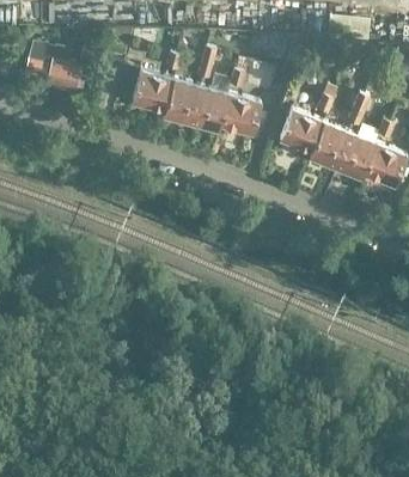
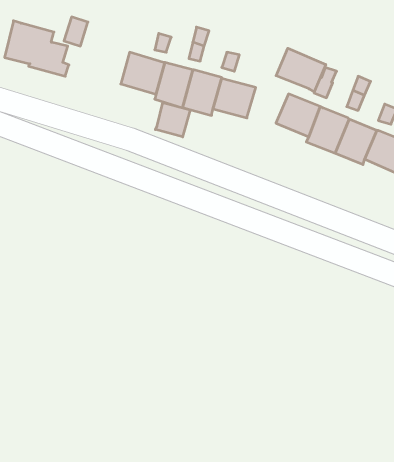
building: none -> [276,48,326,92]
building: none -> [155,102,190,137]

